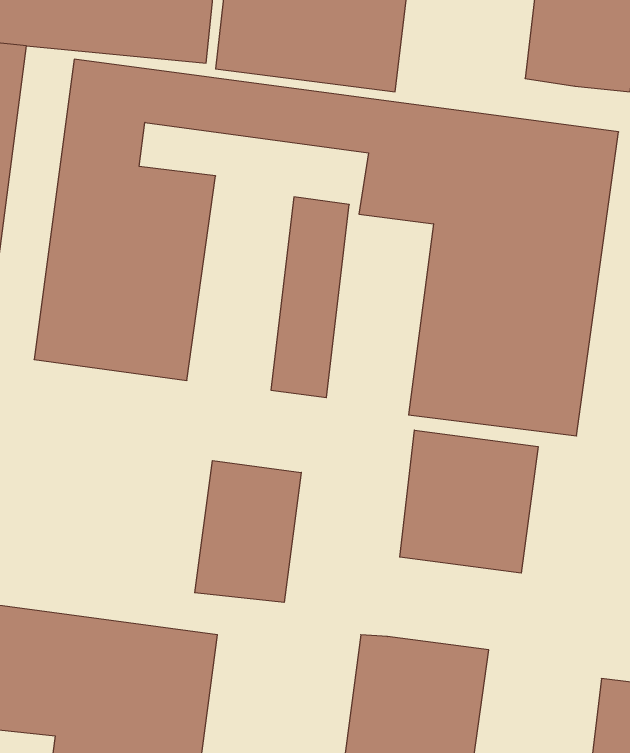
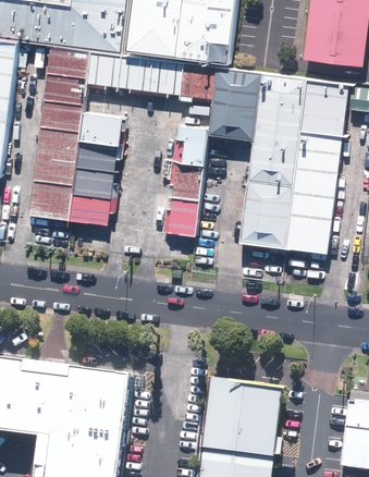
building: [400,430,538,573] -> none
building: [195,461,301,602] -> none

